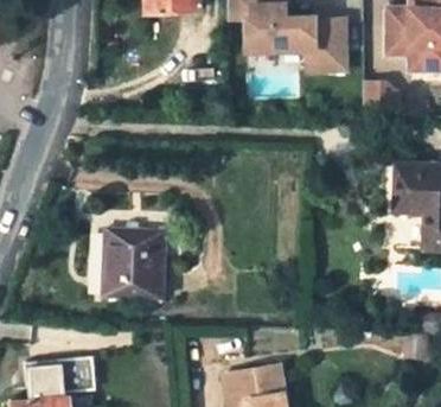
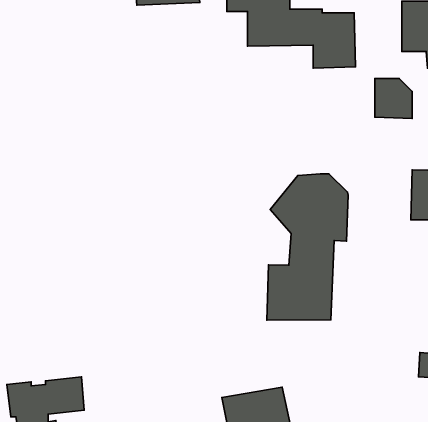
building: none -> [267,174,348,320]
building: [103,229,166,298] -> none

